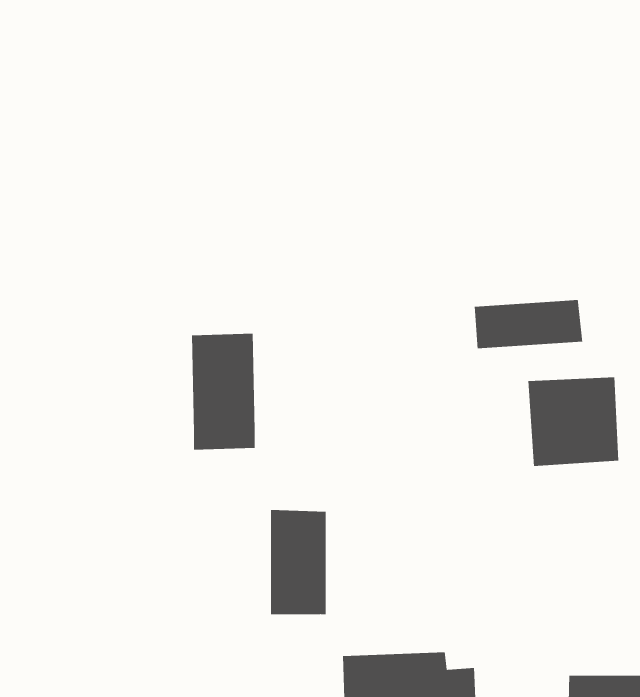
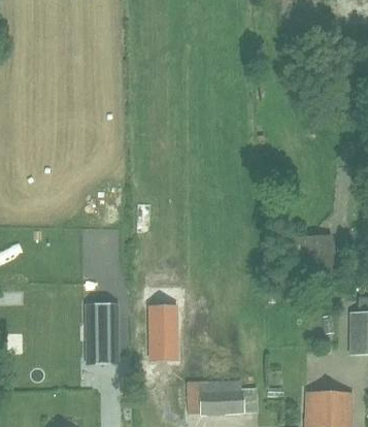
building: [474,299,583,349] -> none
building: [191,333,256,450] -> [85,303,119,365]

